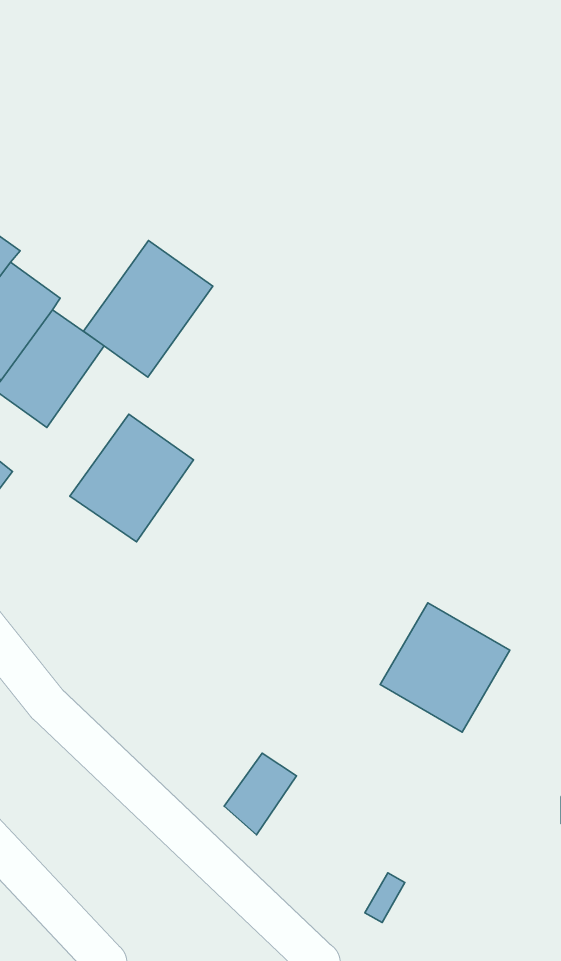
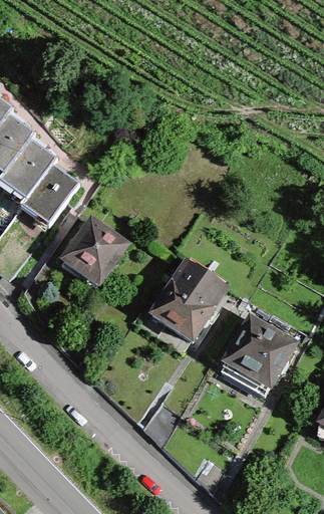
building: [84,240,213,377] -> none
building: none -> [152,260,228,340]

